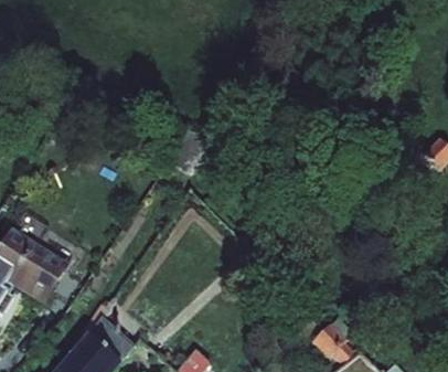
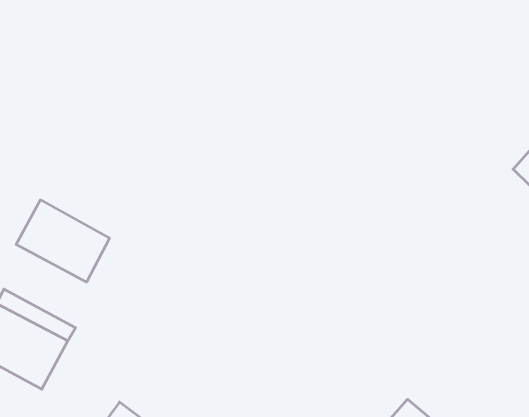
building: none -> [16,200,109,282]

